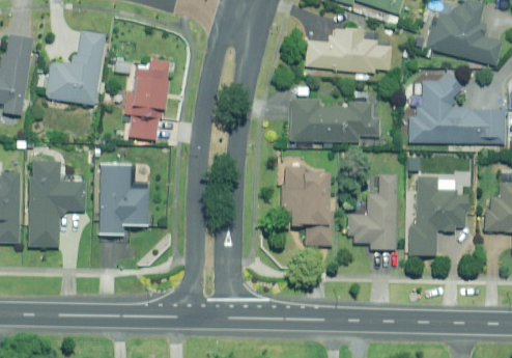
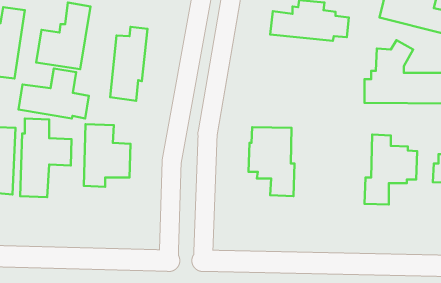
building: [290,100,380,143] -> none
building: none -> [18,68,89,118]
building: [348,176,398,249] -> none

